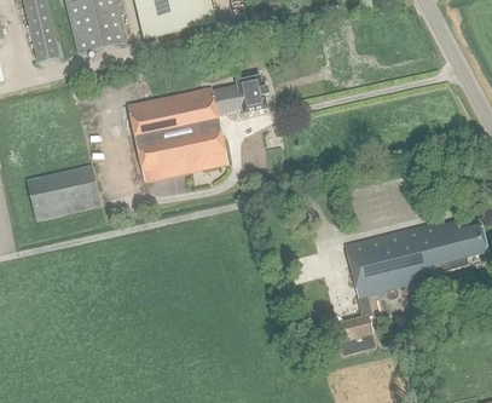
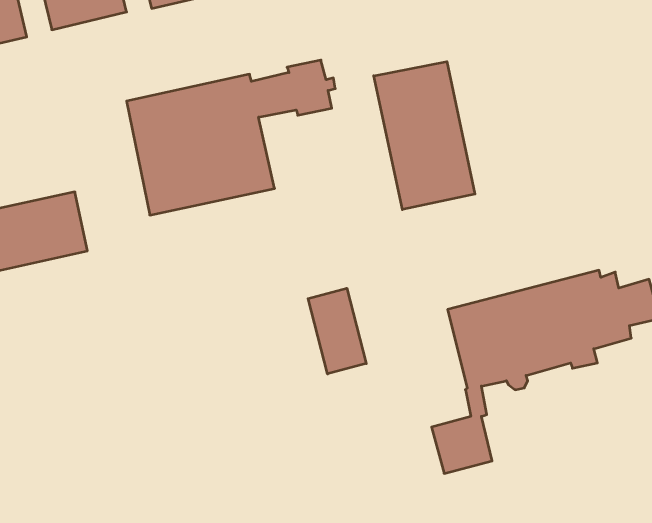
building: none -> [374,62,475,210]
building: none -> [308,288,366,374]

